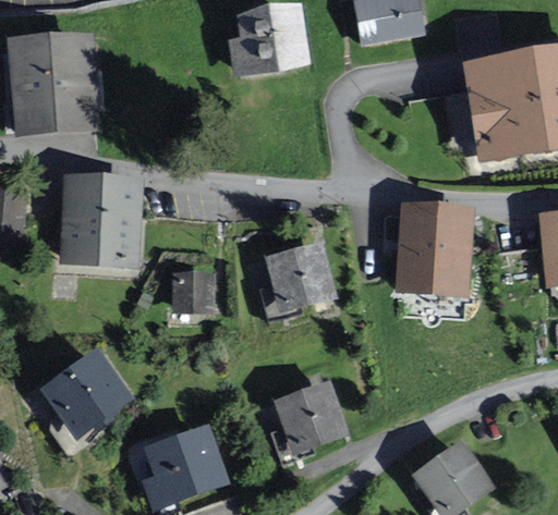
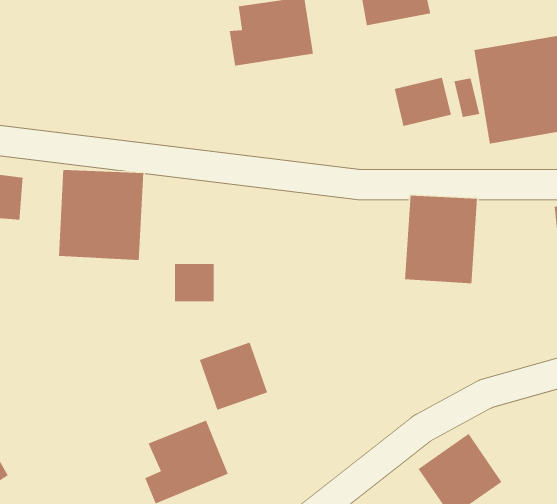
building: [8,33,98,132] -> none
building: none -> [394,77,452,127]
building: [267,242,331,311] -> none
building: [38,346,133,439] -> none
building: [276,382,343,450] -> [199,342,268,411]

